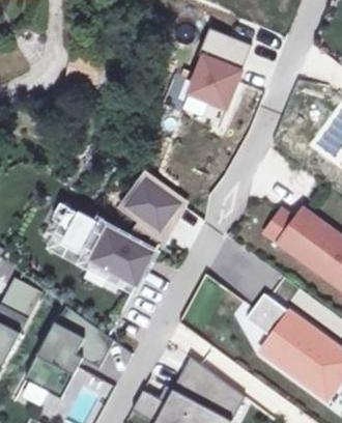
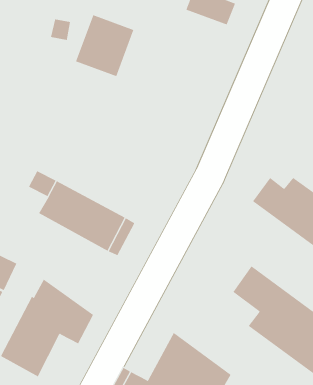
building: [184,51,240,110] -> [75,15,134,77]
building: [126,177,180,233] -> none

